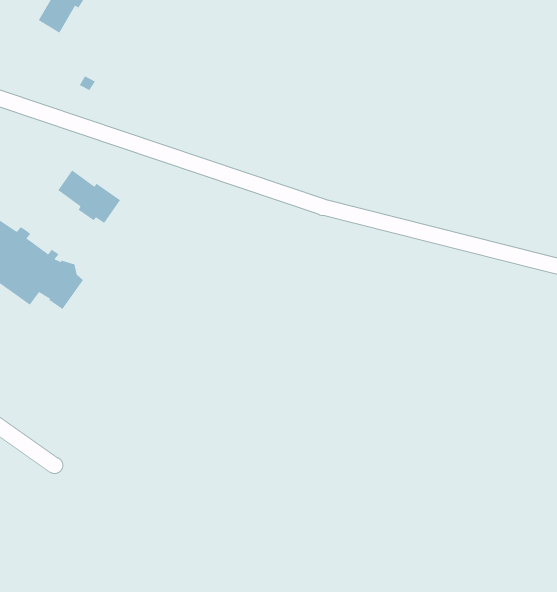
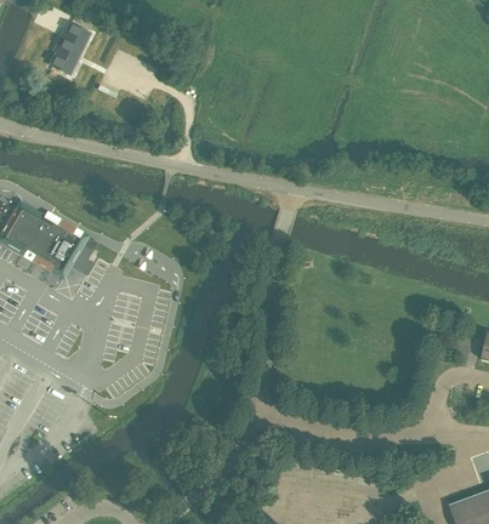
building: [57,169,121,224] -> none

